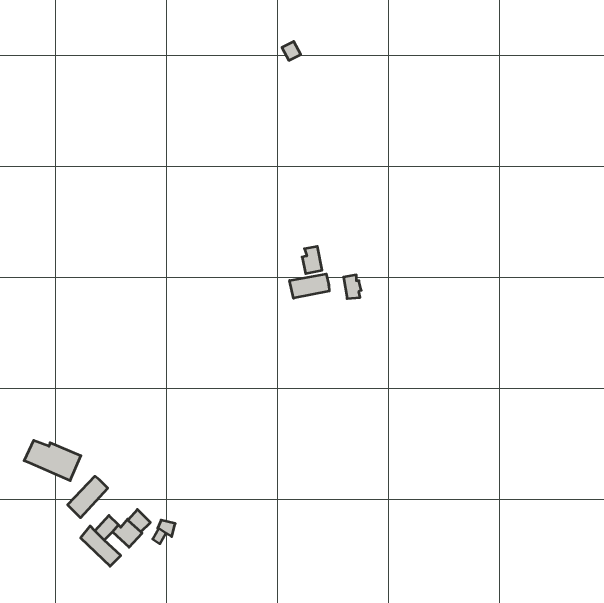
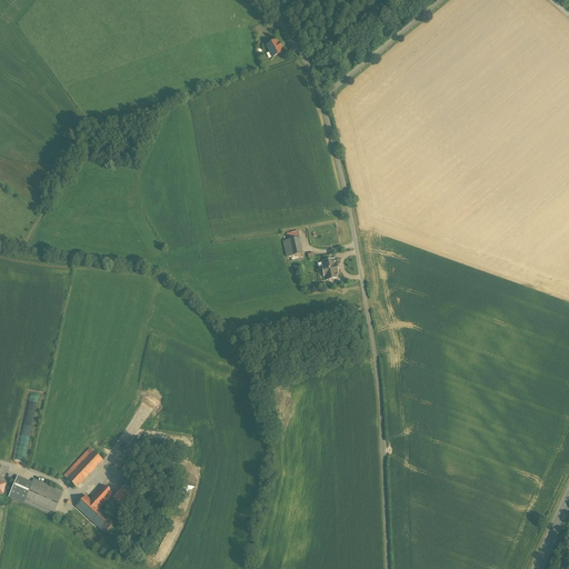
building: [290,274,329,298] -> none
building: [24,440,81,481] -> [8,476,61,513]

